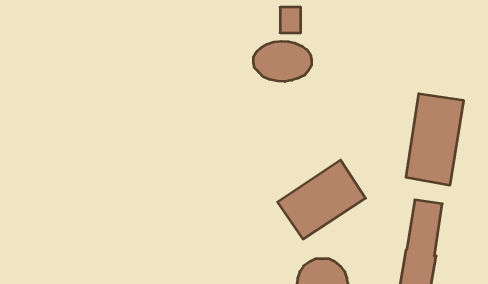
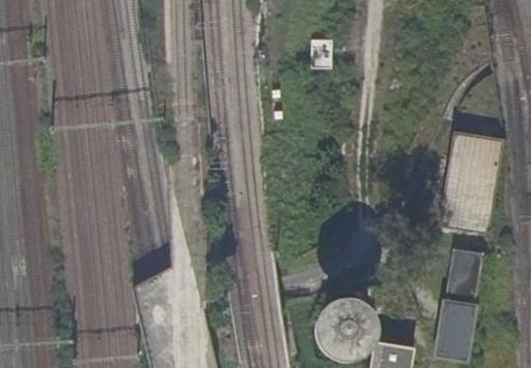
building: [253,41,311,82] -> none
building: [278,160,366,239] -> none

